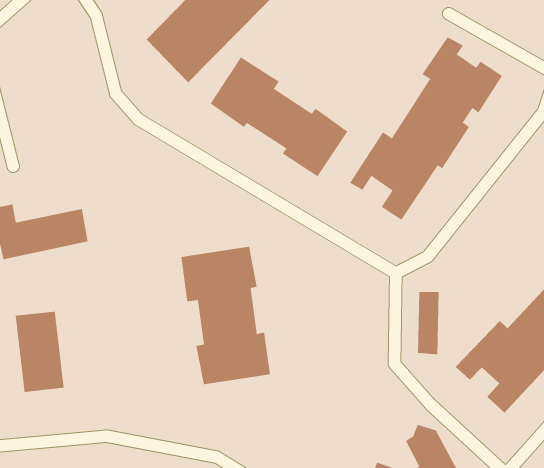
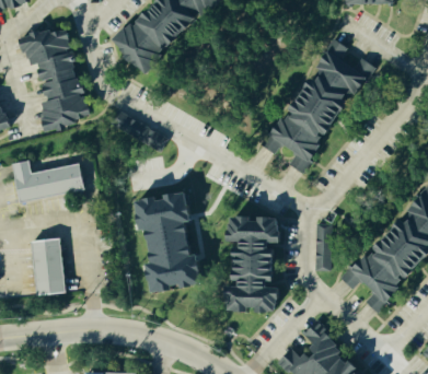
building: none -> [22,30,90,130]
building: [210,56,348,177] -> none
building: none -> [232,217,285,312]

